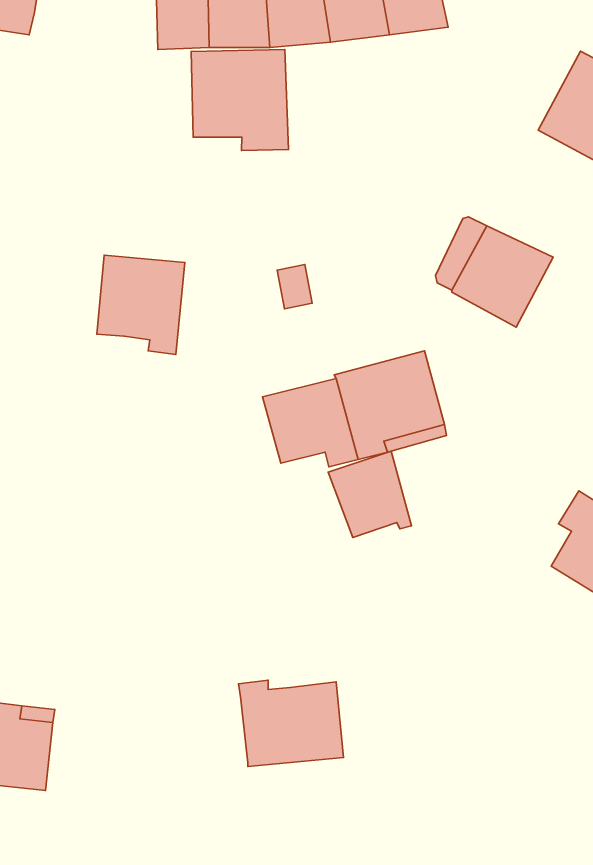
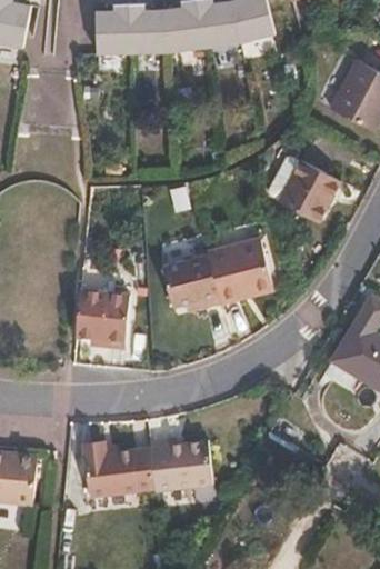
building: [191,50,288,150] -> none
building: [97,255,185,355] -> [76,289,129,349]
building: [328,451,412,537] -> none
building: none -> [83,445,154,493]

